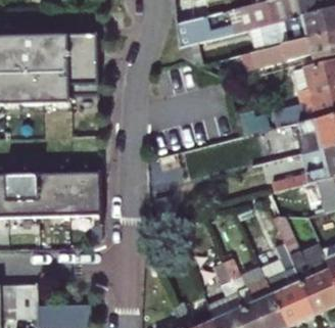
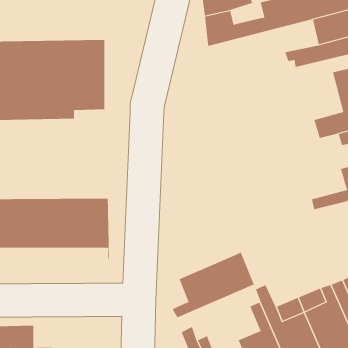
building: none -> [172,252,254,318]

